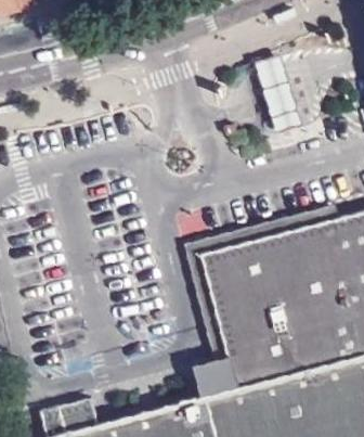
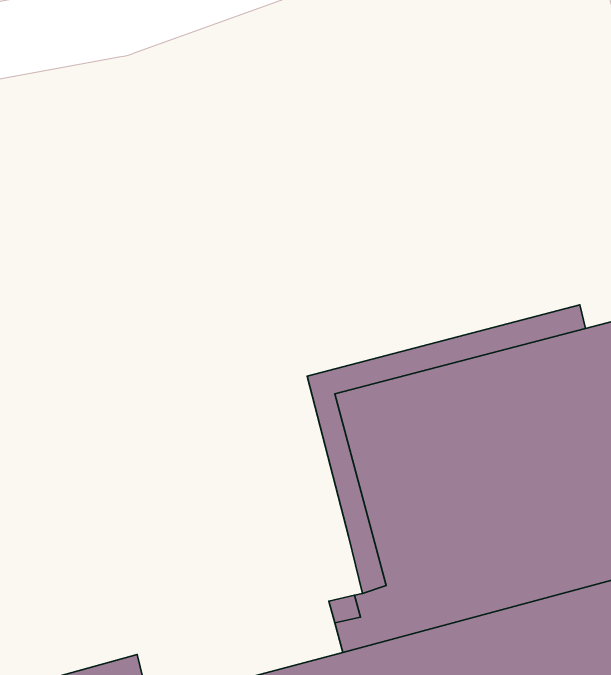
building: [257,52,308,131] -> none

